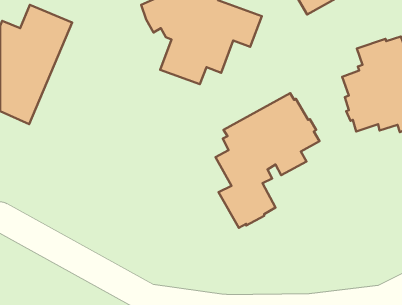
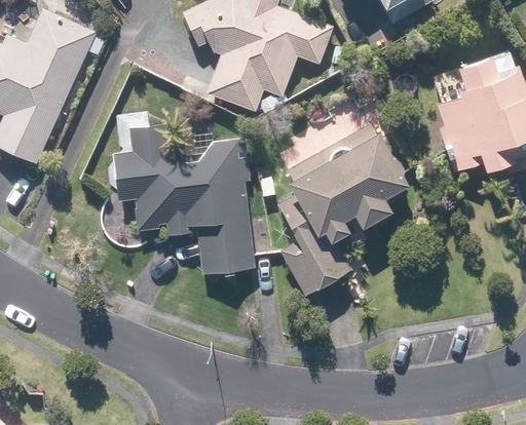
building: none -> [114,124,256,274]

